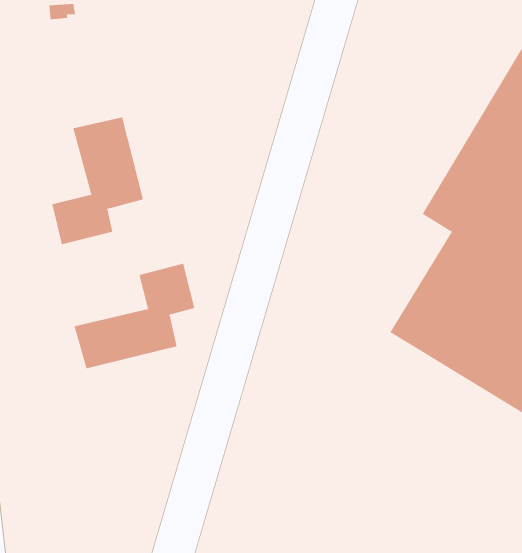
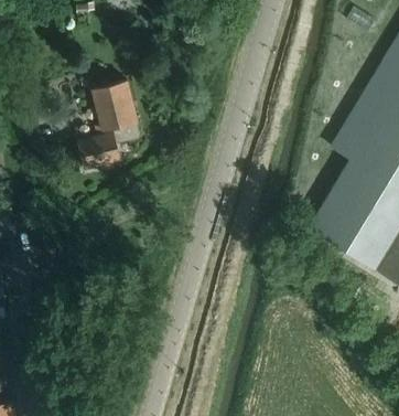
building: [74,263,195,369] -> none

